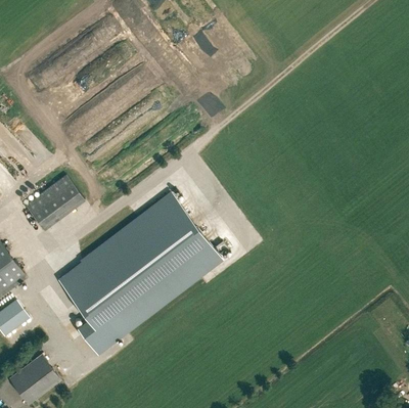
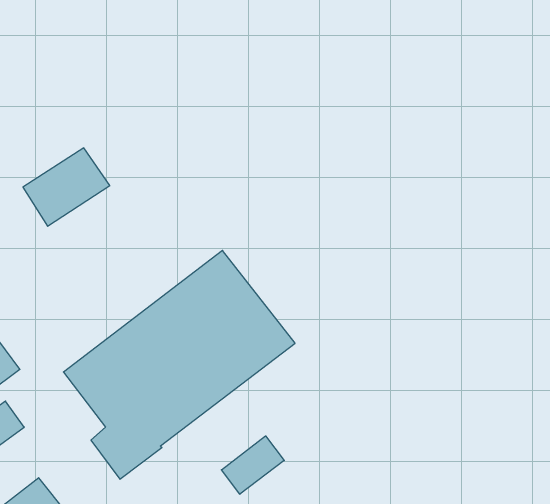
building: [25,175,86,230] -> [23,148,110,226]
building: none -> [221,436,284,494]

